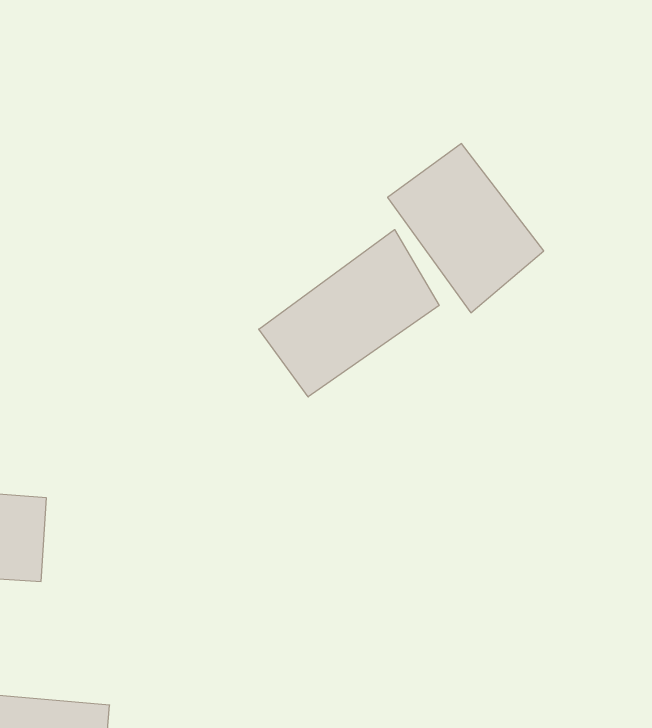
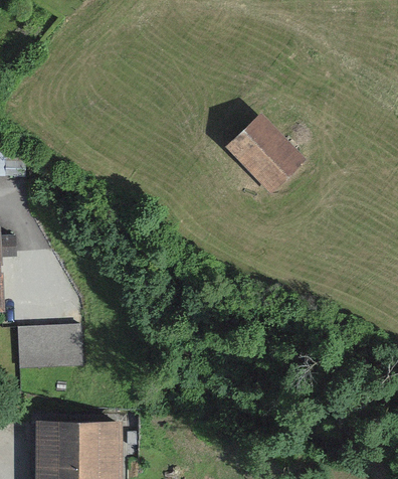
building: [259,230,439,397] -> none

